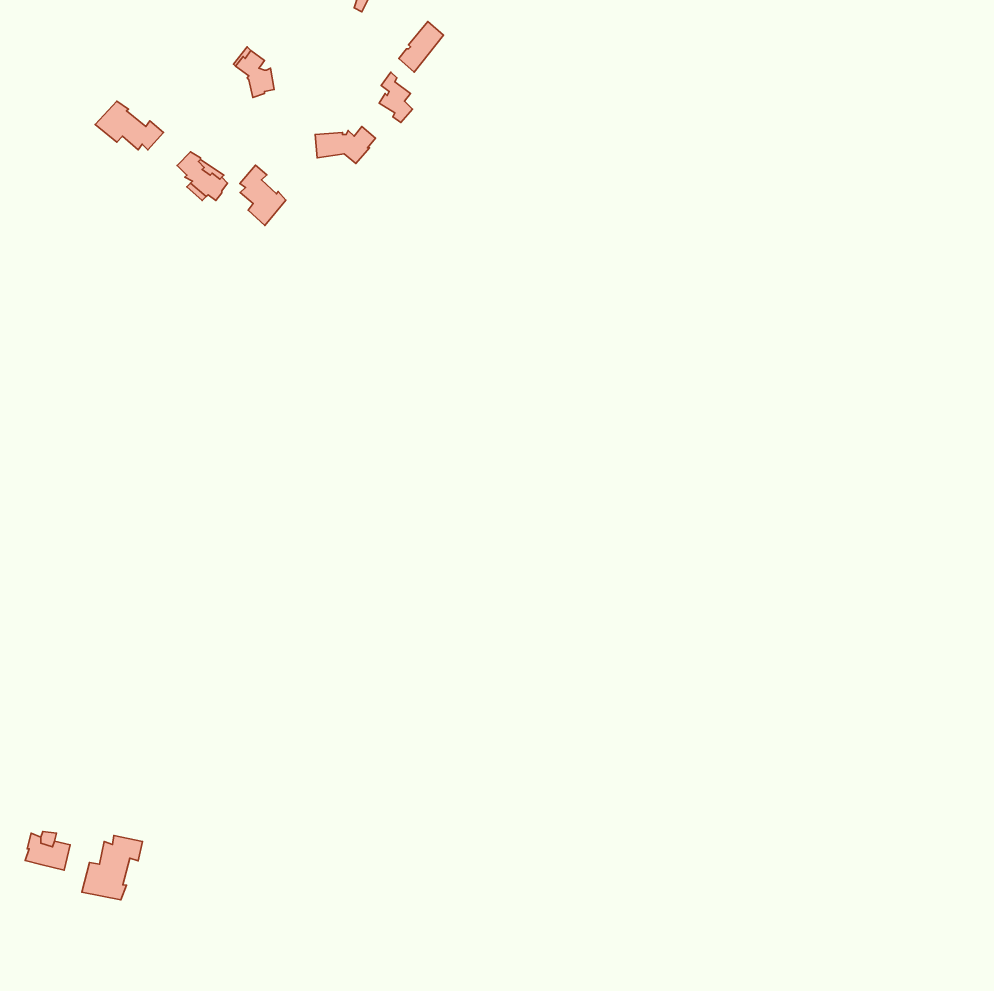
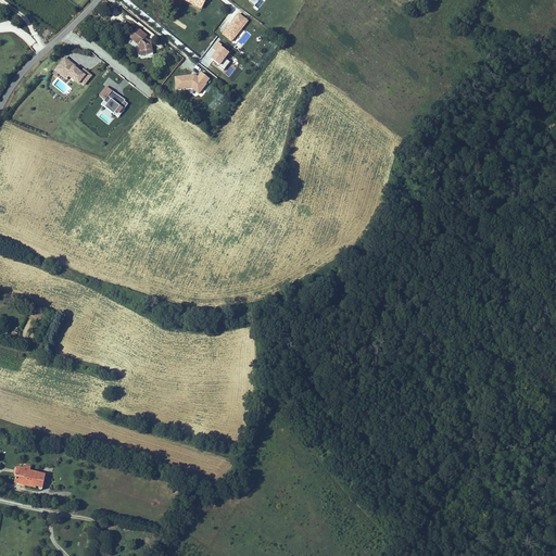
building: [240,165,286,225] -> none
building: [82,835,143,900] -> none

